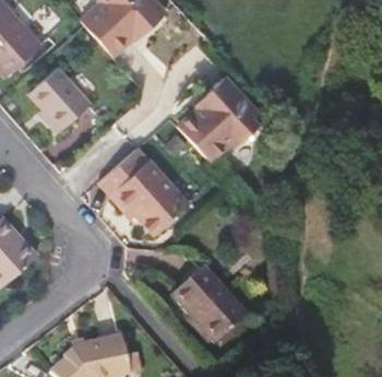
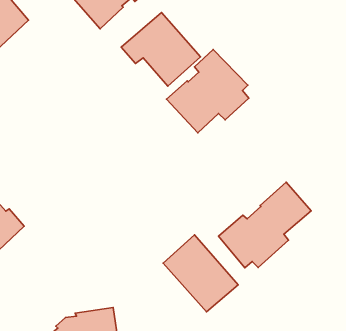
building: [28,67,88,129] -> none
building: [109,155,189,229] -> [121,12,201,86]
building: none -> [219,182,311,268]

